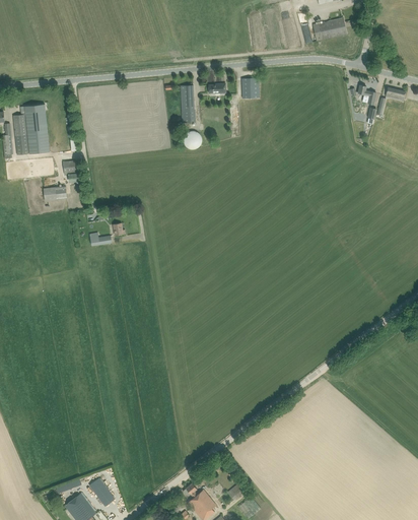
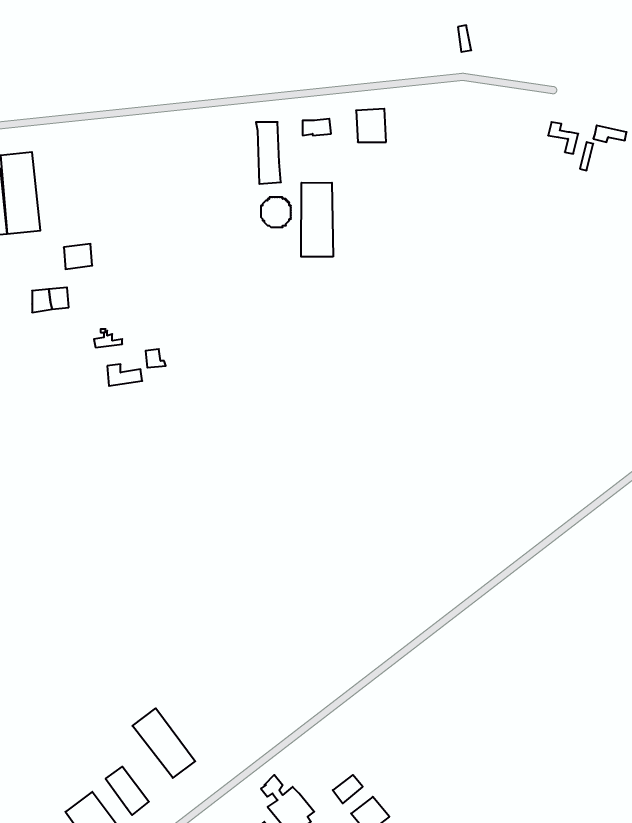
building: [311,17,346,41] -> none
building: none -> [301,183,333,257]
building: none -> [132,708,195,778]

